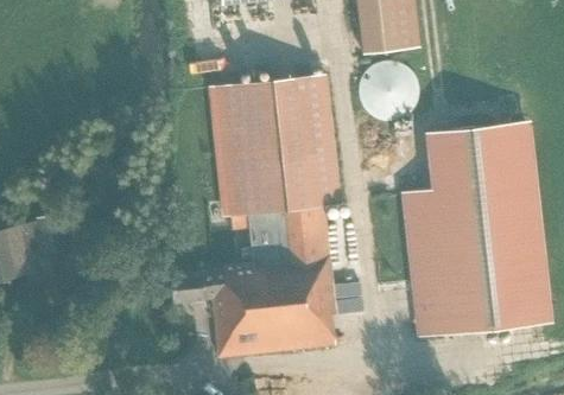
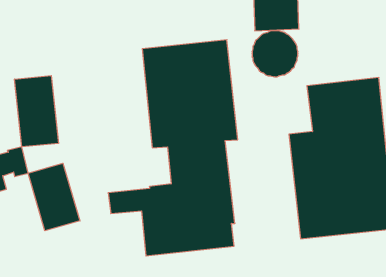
building: none -> [15,76,58,147]
building: none -> [28,163,80,231]

